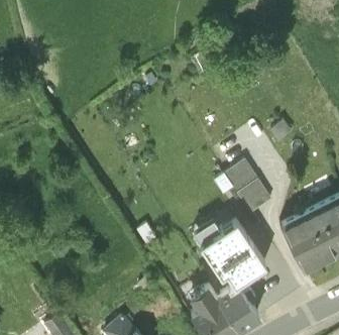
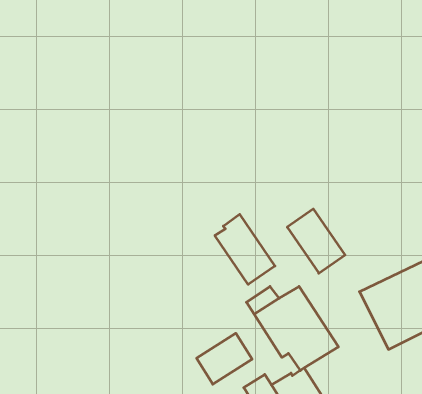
building: none -> [215,214,275,284]
building: none -> [197,333,252,384]

